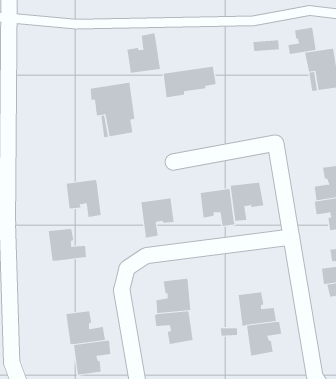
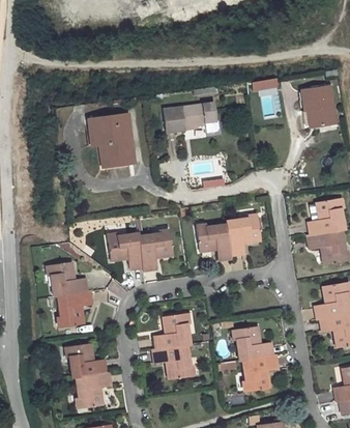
building: [288,27,316,55] -> none
building: [127,32,160,74] -> none
building: [66,179,102,217] -> [109,233,144,270]
building: none -> [56,289,92,325]

